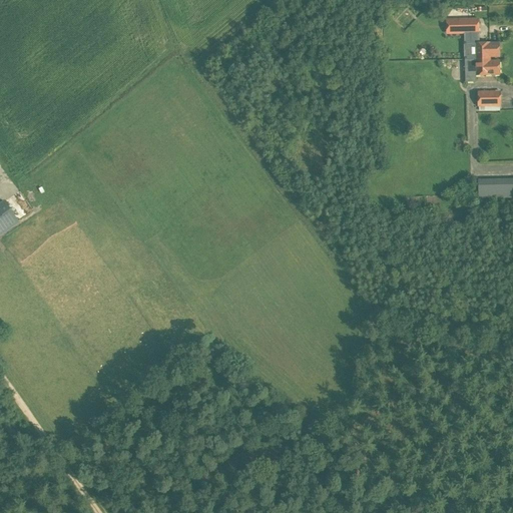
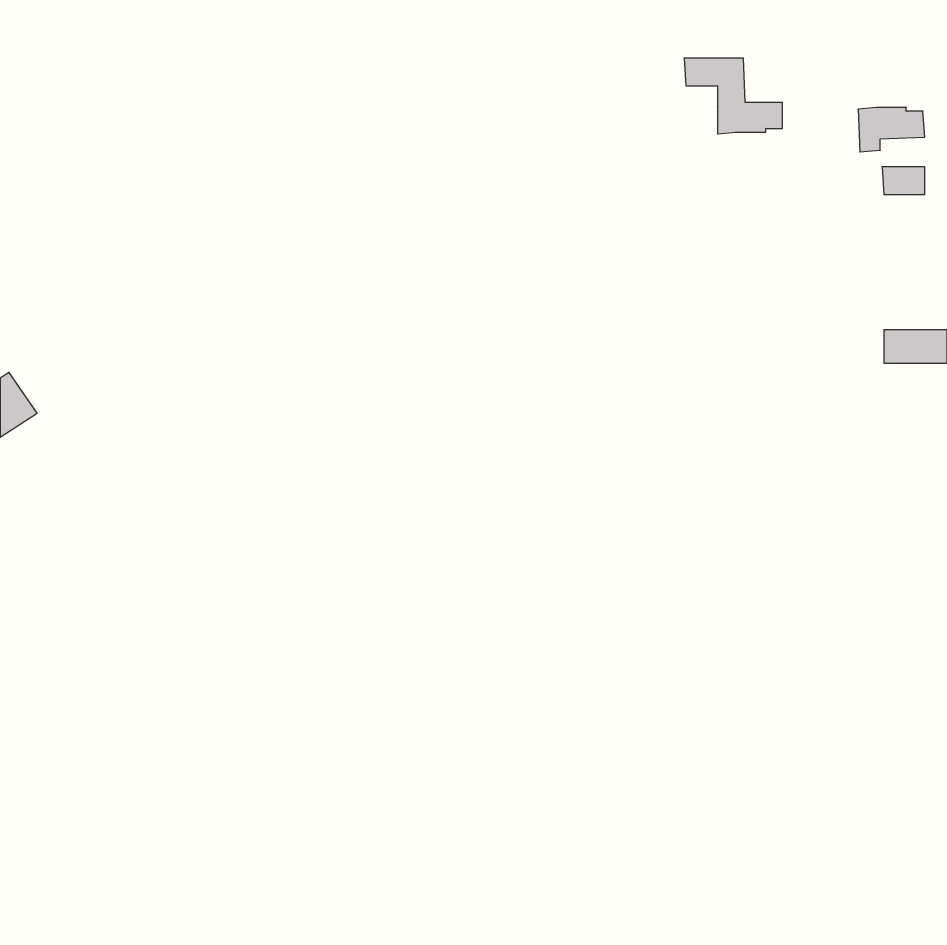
building: [446,18,499,59] -> [684,58,782,134]

